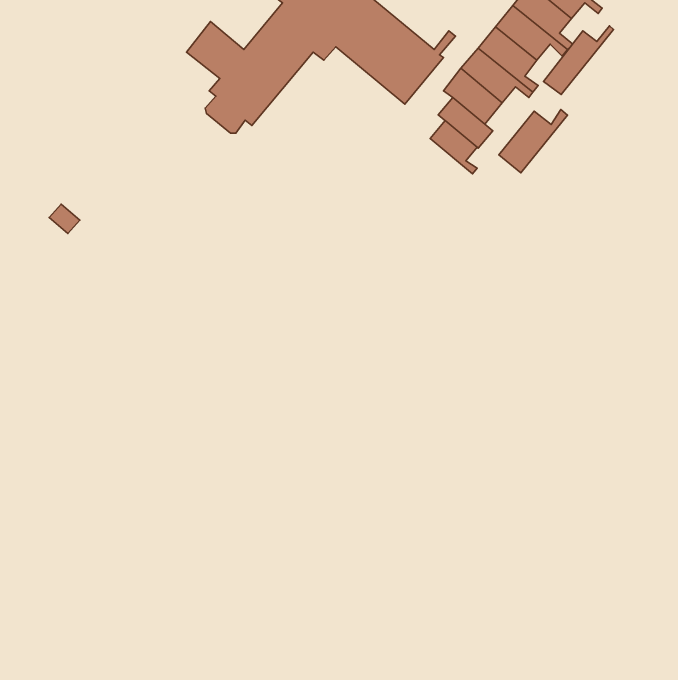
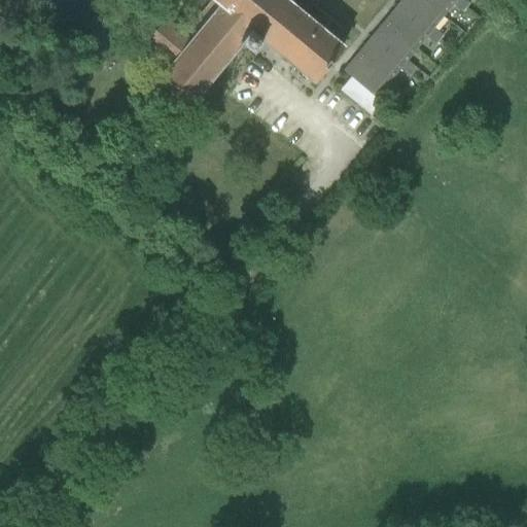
building: [543,26,614,95] -> none
building: [499,110,568,173] -> none
building: [430,121,477,174] -> none

